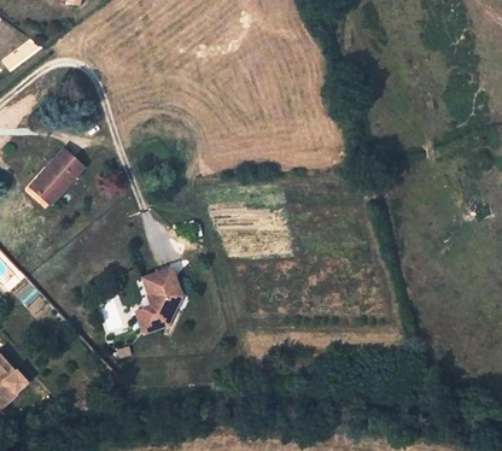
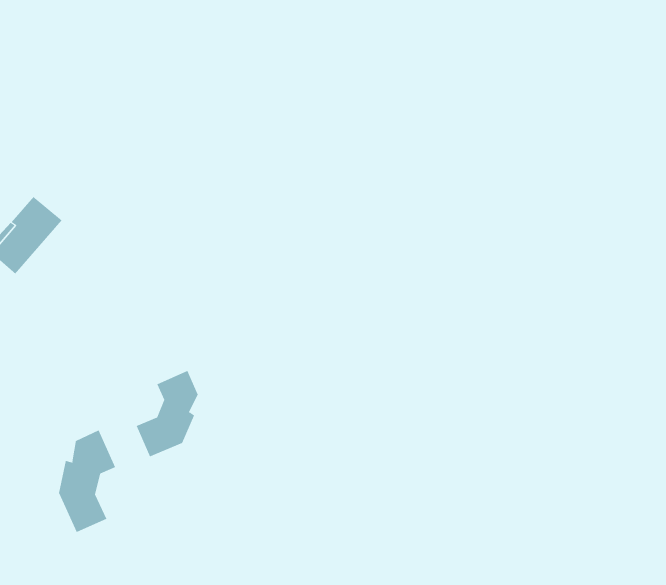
building: none -> [58,430,116,533]

